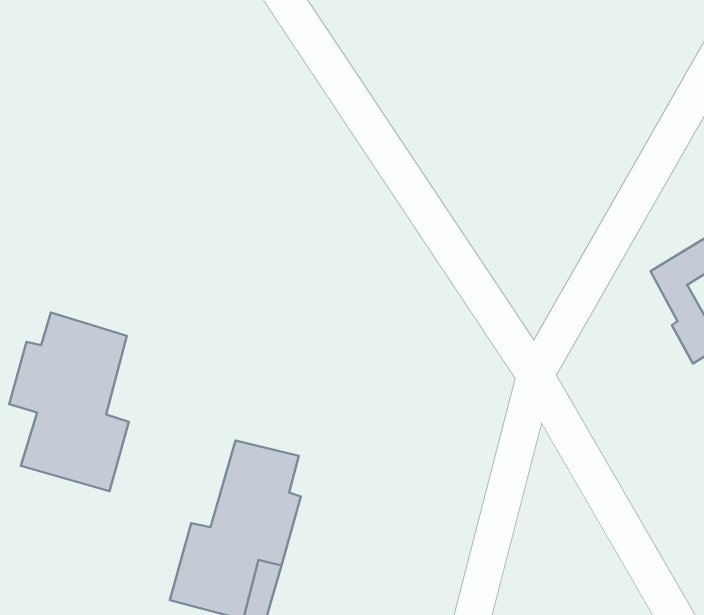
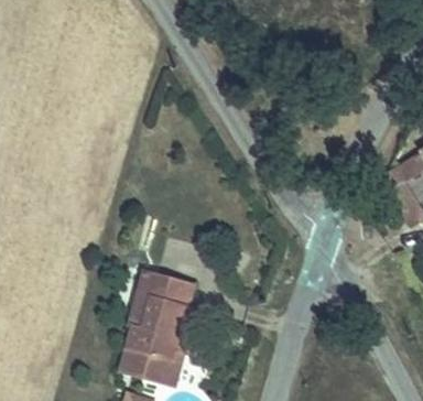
building: [9,313,129,491] -> none

